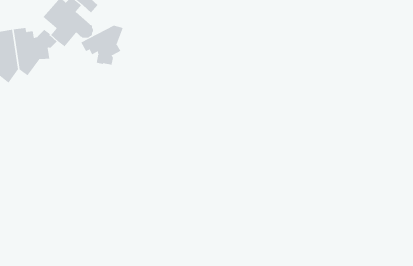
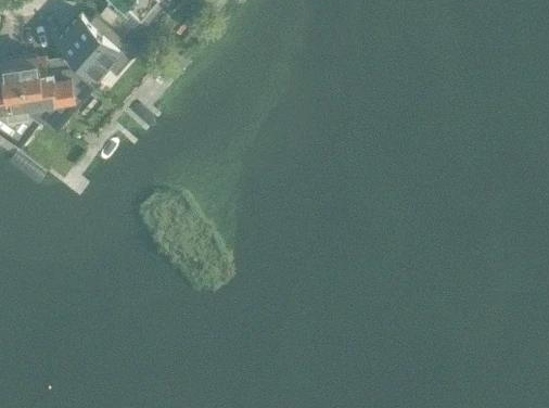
building: [81,25,123,65] -> none

